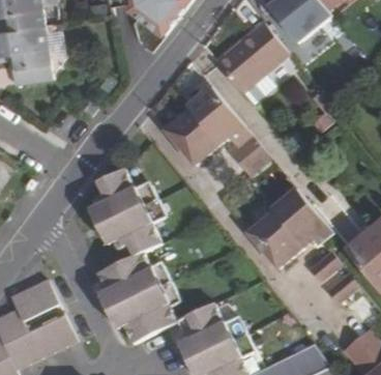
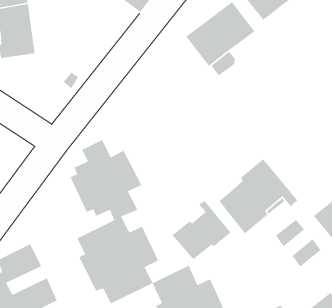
building: [164,87,268,175] -> none
building: none -> [172,200,232,260]

